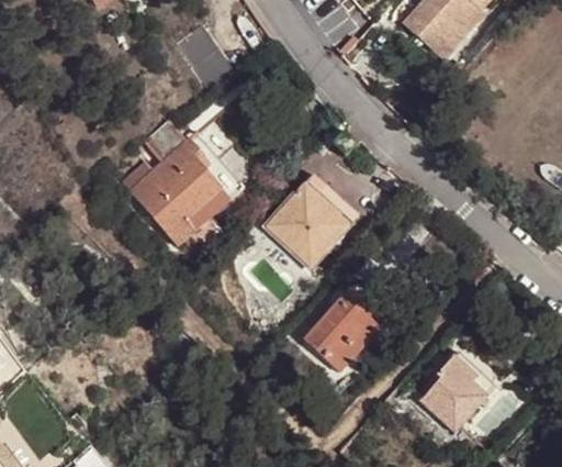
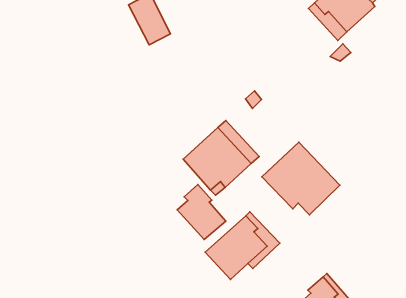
building: [122,122,243,245] -> none
building: none -> [262,142,340,215]
building: none -> [177,184,226,240]

